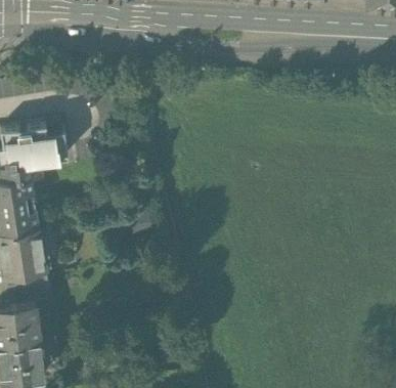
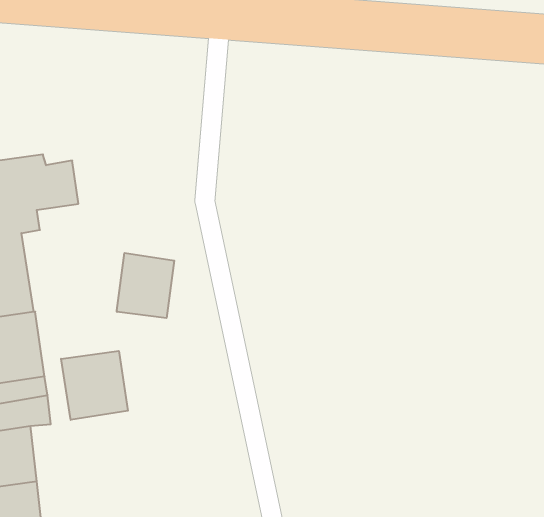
building: none -> [117,253,174,318]
building: none -> [61,351,128,420]

